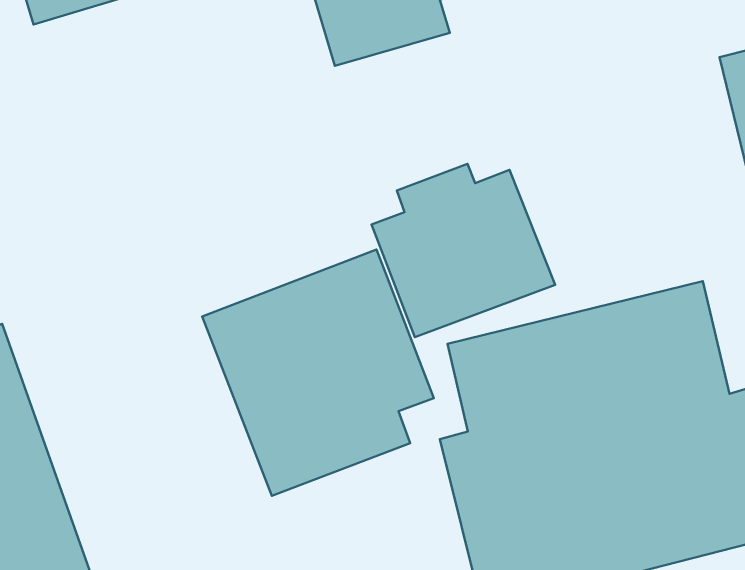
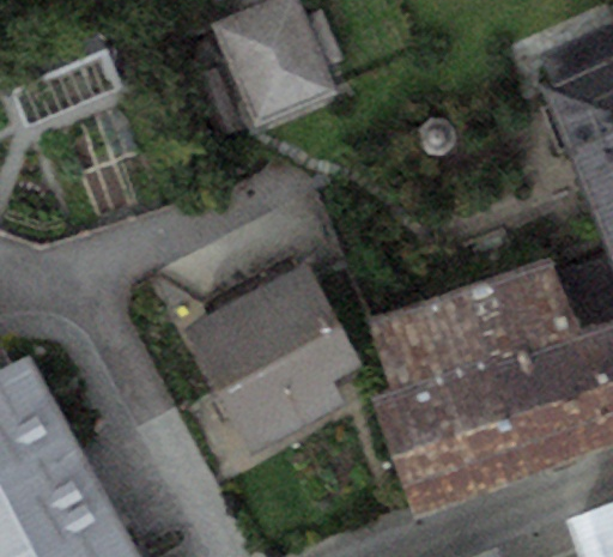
building: [371,164,555,337] -> none

